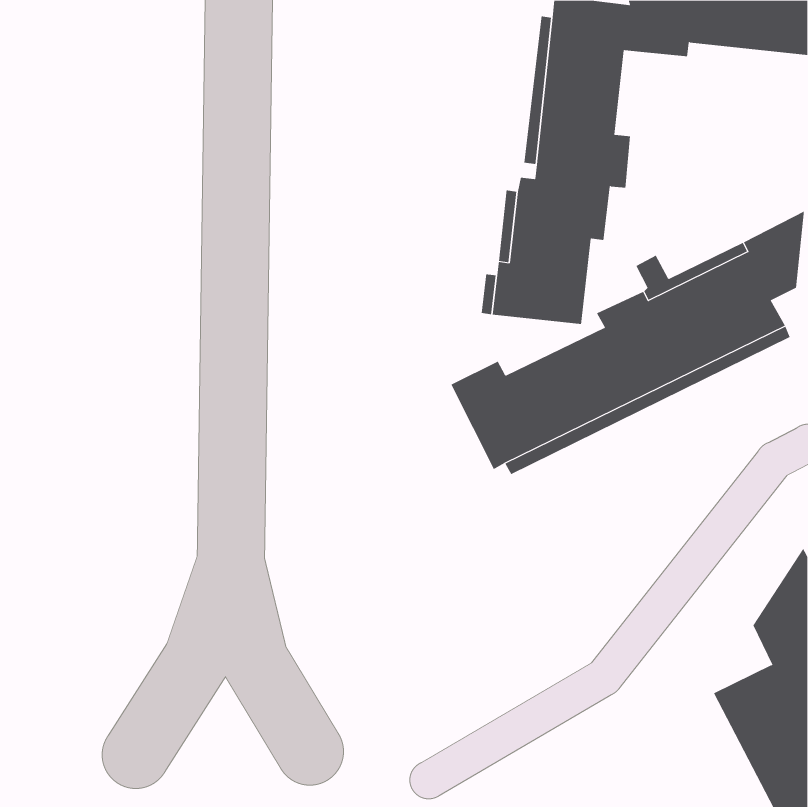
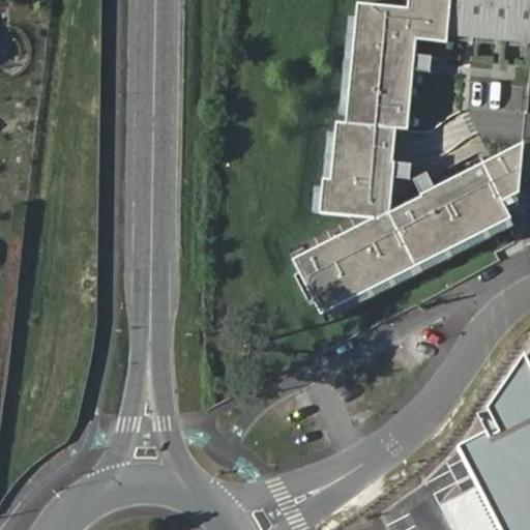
building: none -> [403,34,436,90]
building: none -> [326,157,412,246]

